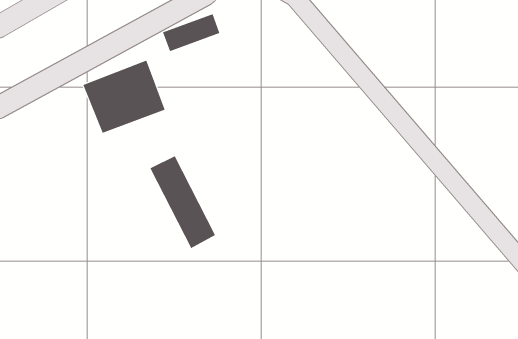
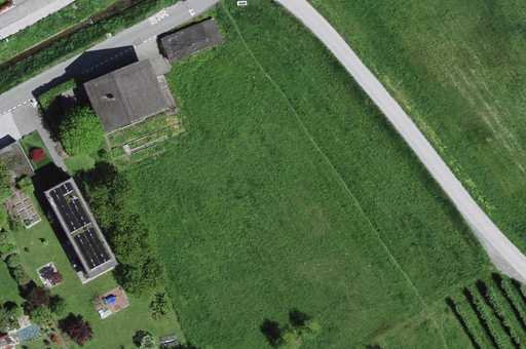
building: [149,156,216,249] -> [46,181,112,273]

